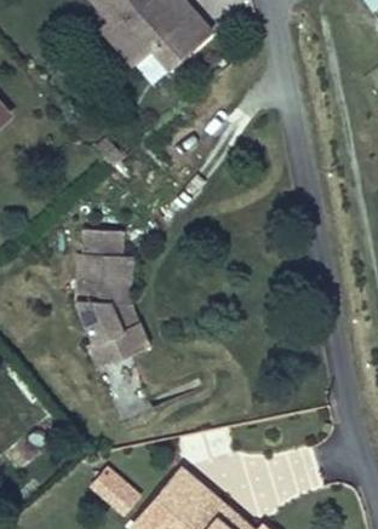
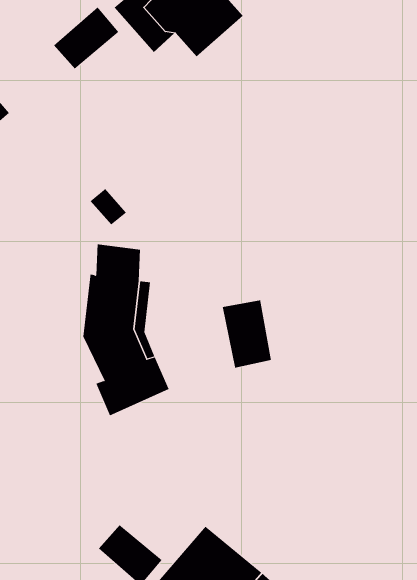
building: none -> [53,6,119,69]
building: none -> [222,299,272,368]

